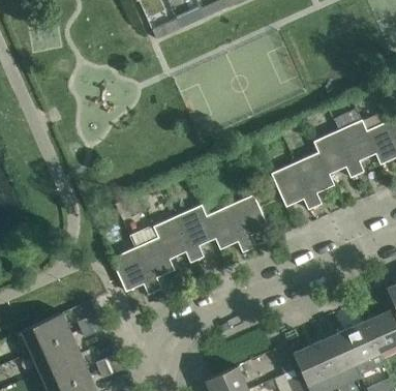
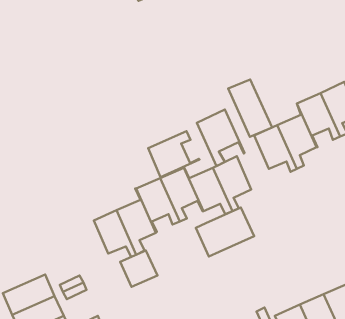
building: none -> [228,79,272,137]
building: none -> [197,109,245,166]
building: none -> [148,131,200,177]
building: none -> [196,207,254,256]
building: none -> [120,250,157,287]

